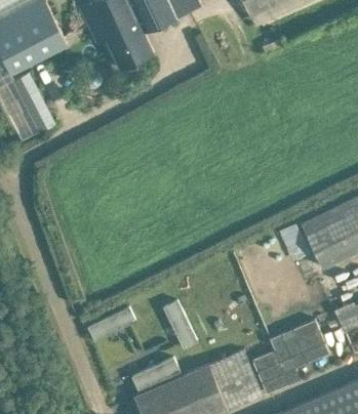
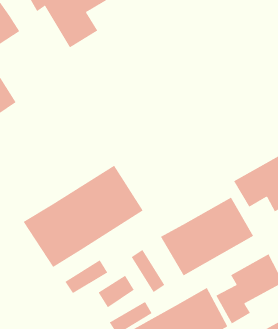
building: none -> [23,165,143,268]
building: none -> [160,197,254,276]
building: none -> [98,275,135,308]

